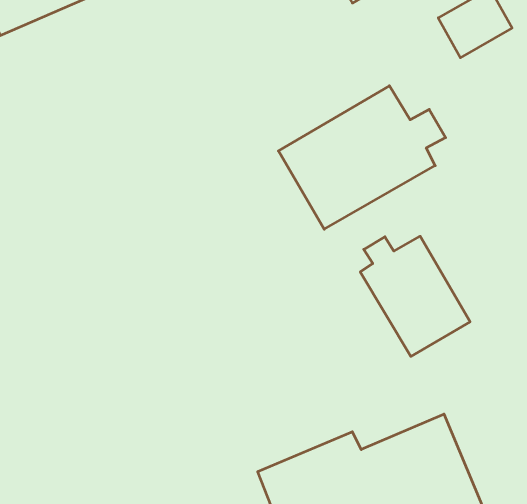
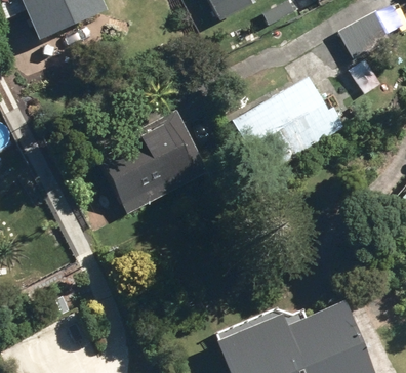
building: none -> [95,112,207,213]
building: [360,236,470,356] -> none

